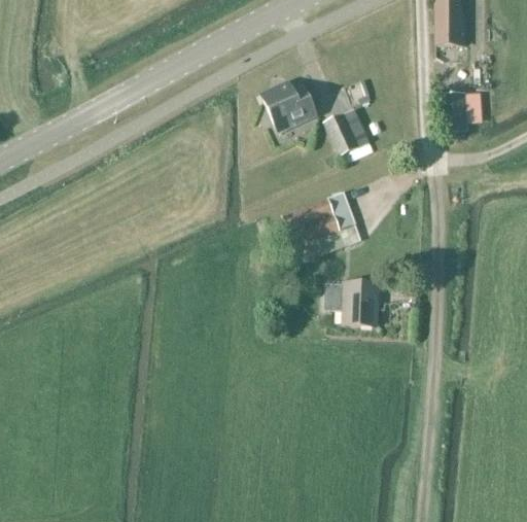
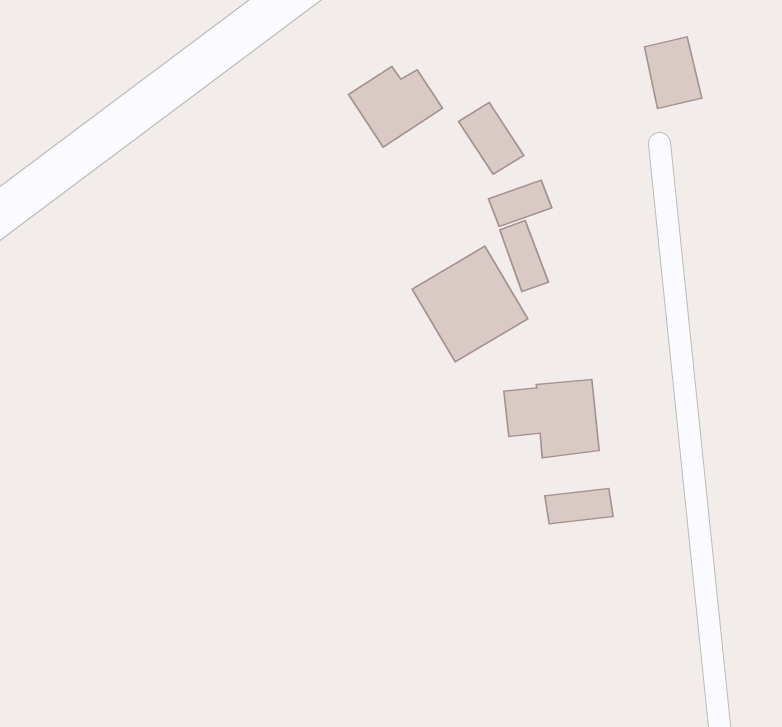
building: none -> [488,180,552,226]
building: none -> [545,489,613,524]

